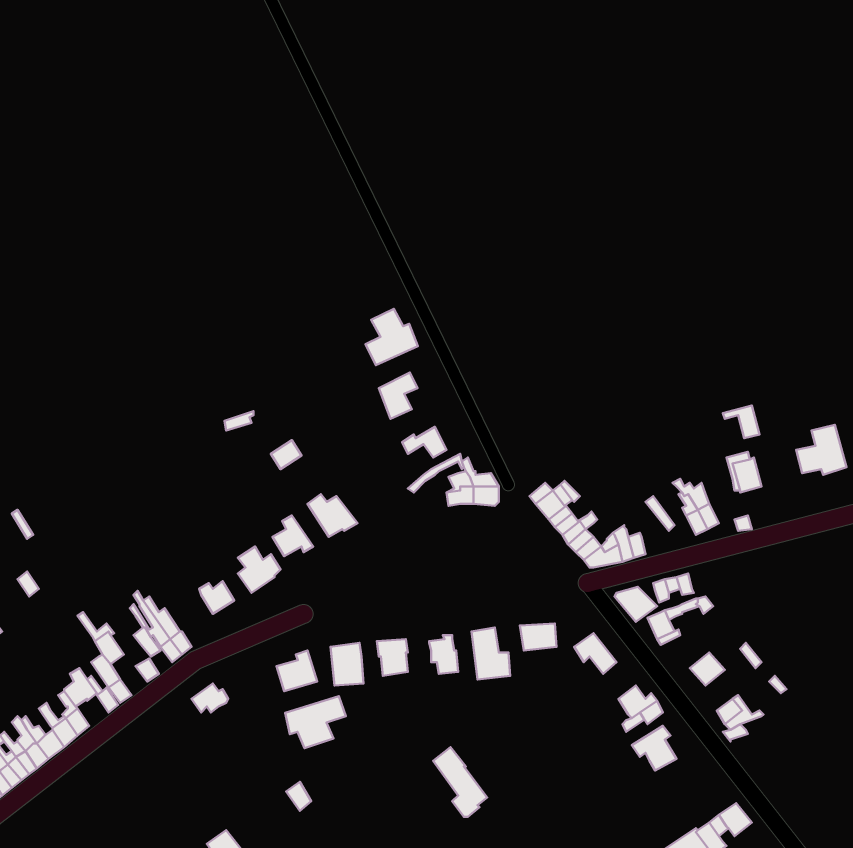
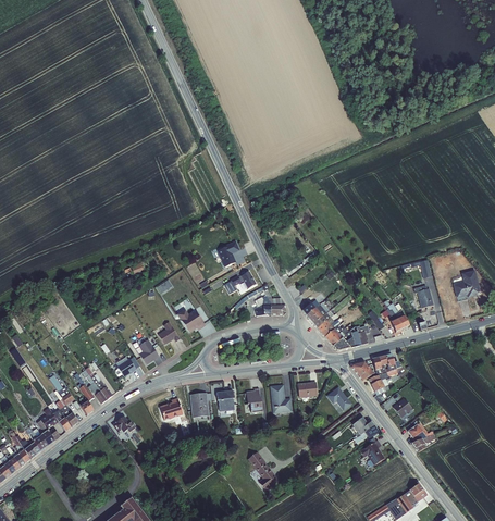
building: [366,309,418,365] -> none
building: [285,696,346,748] -> none

